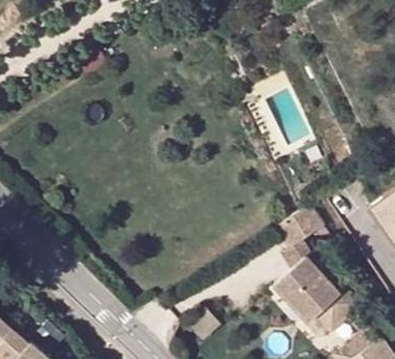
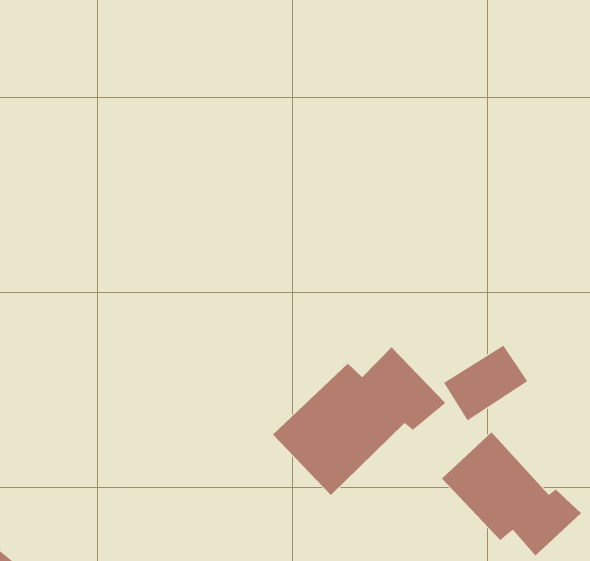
building: none -> [272,346,446,496]

